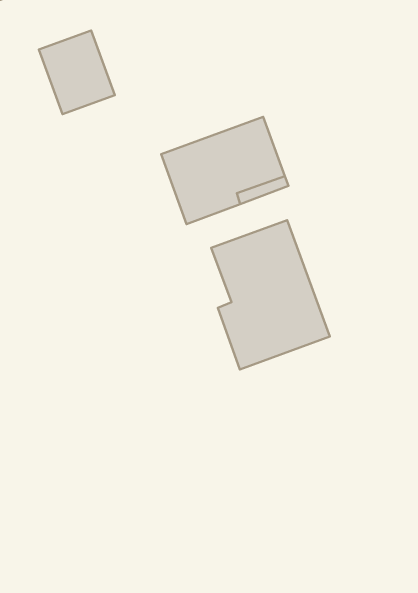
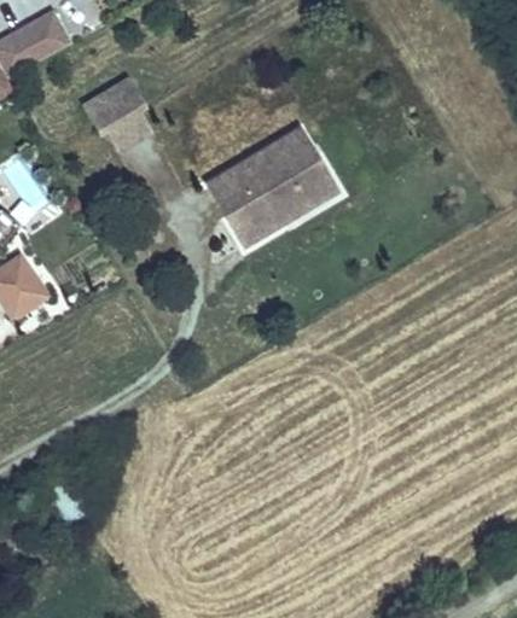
building: [211,220,330,370] -> none

